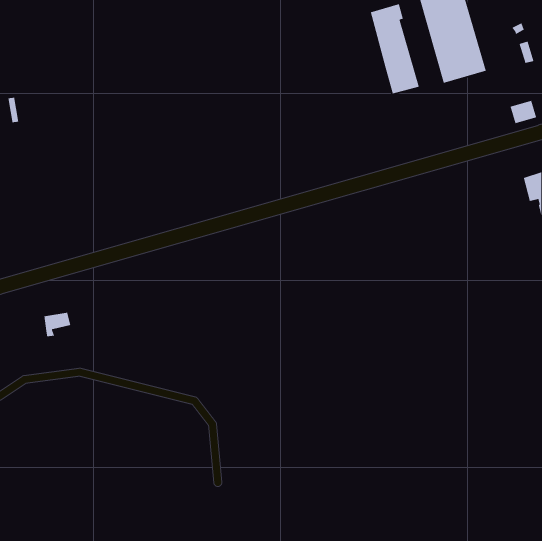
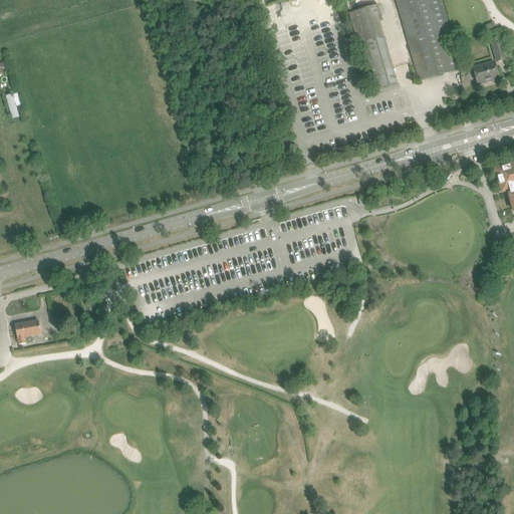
building: [510,100,537,124] -> [472,60,498,83]
building: [43,312,71,337] -> [14,319,40,343]

